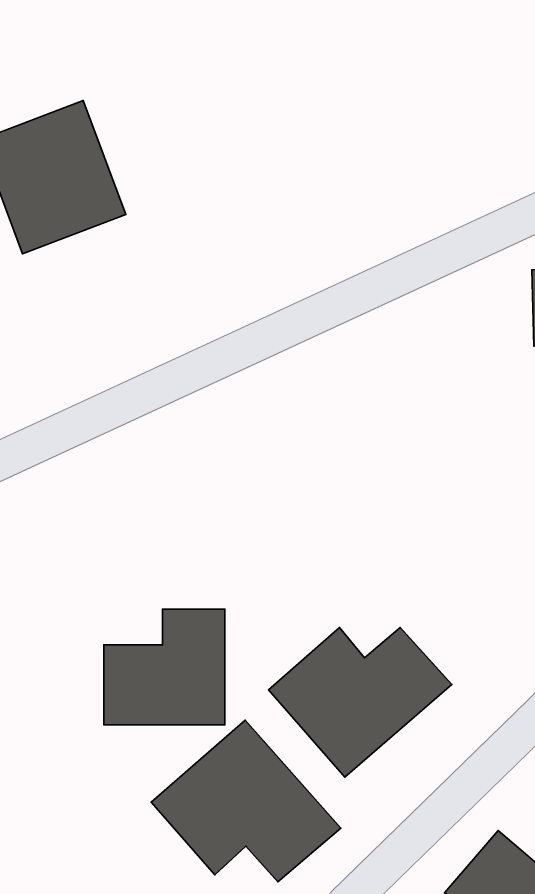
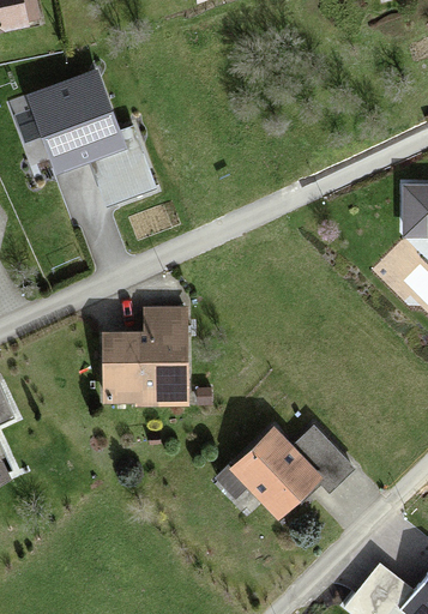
building: [104,609,225,725] -> [104,313,186,391]
building: [151,720,341,882] -> none

